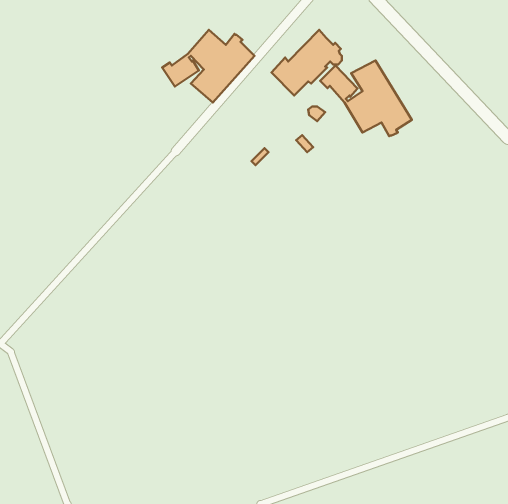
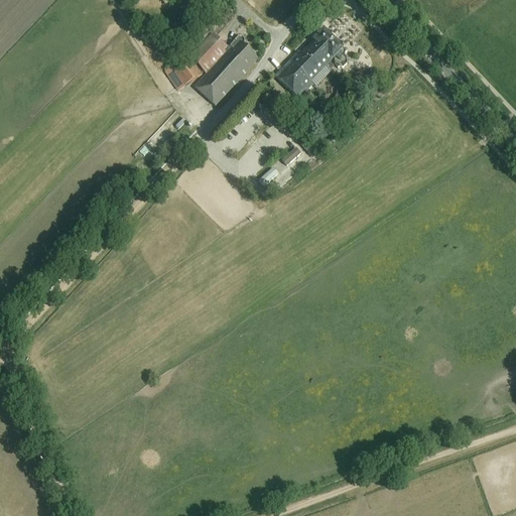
building: [320,61,412,136] -> none

